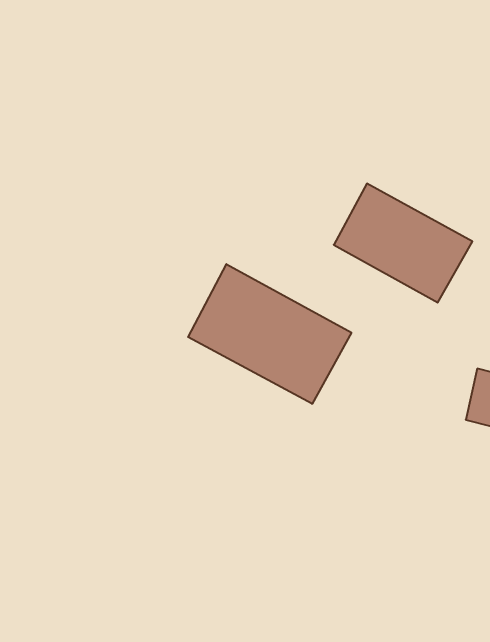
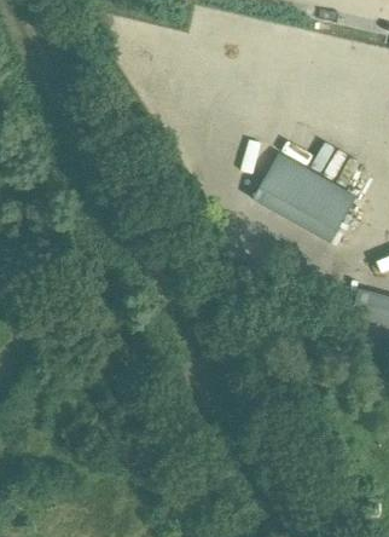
building: [188,264,351,404] -> none

